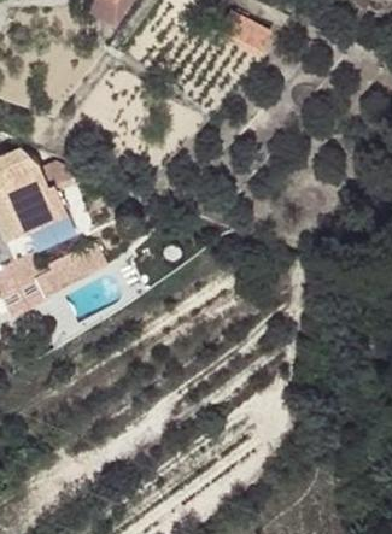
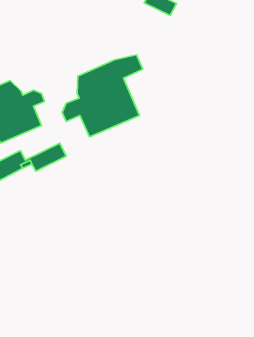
building: none -> [62,55,143,137]

